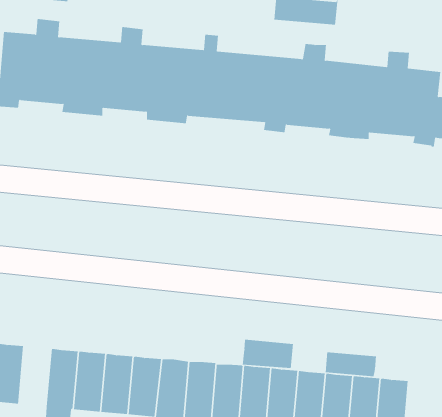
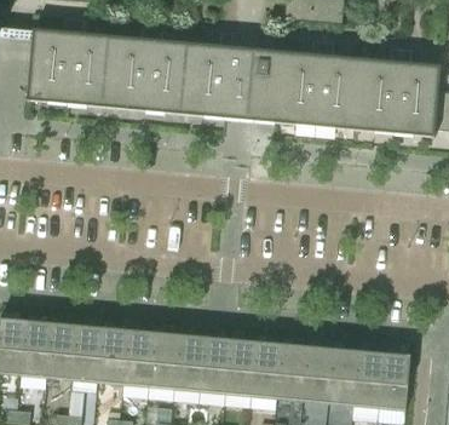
building: [242,339,293,369] -> none
building: none -> [47,323,77,380]
building: [325,352,377,377] -> none

